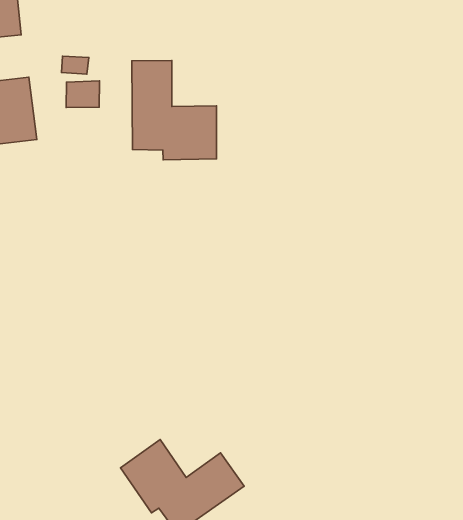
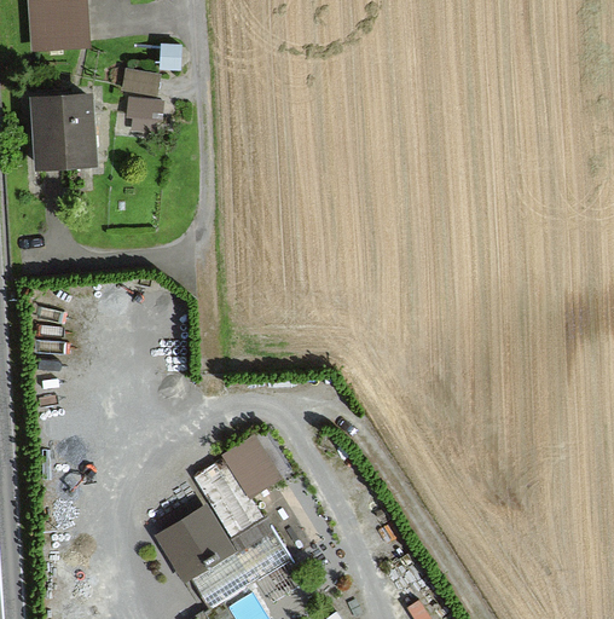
building: [132,61,217,160] -> none
building: none -> [198,449,265,537]

